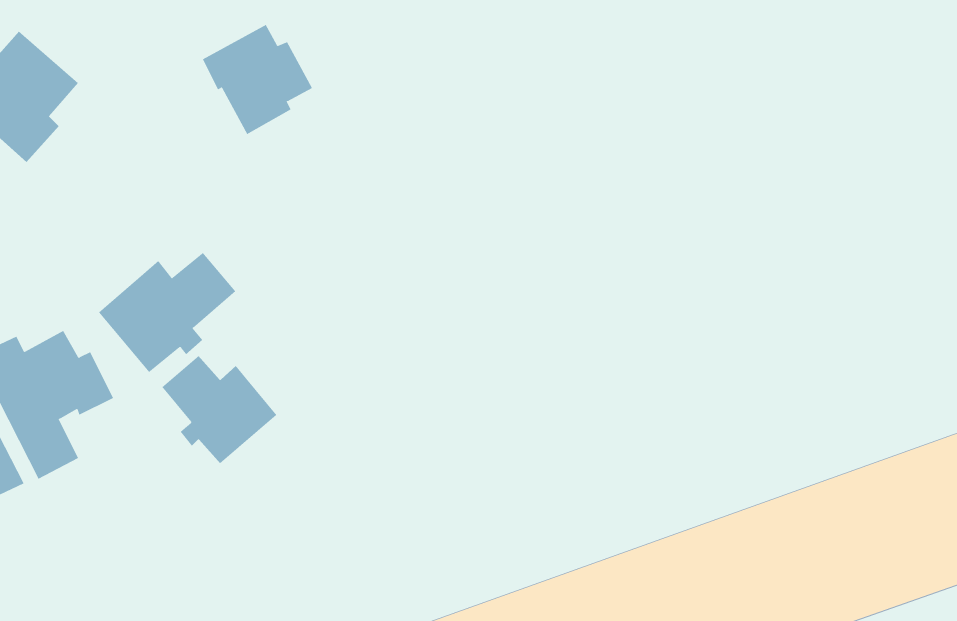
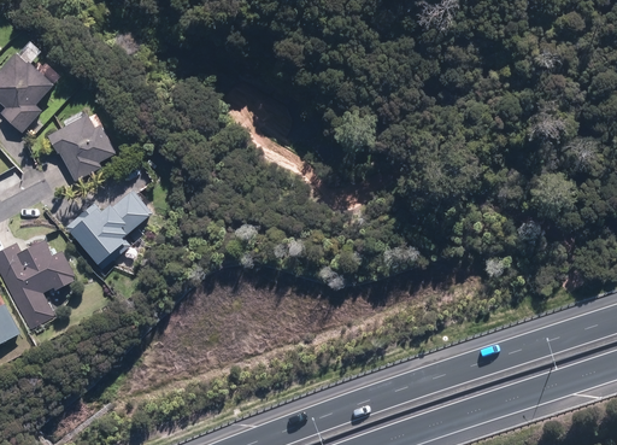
building: [202,24,313,135] -> [47,113,116,182]
building: [161,355,277,464] -> none

